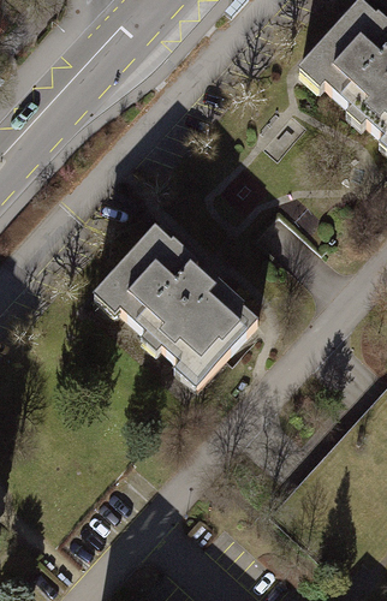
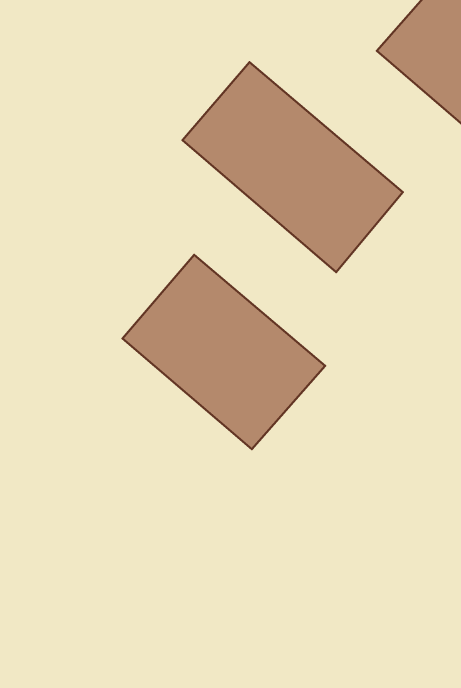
building: none -> [183,62,403,272]

